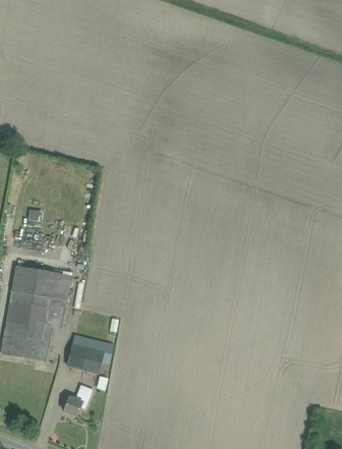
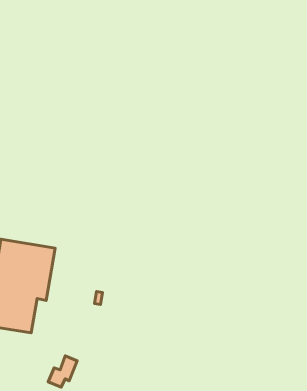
building: [66,334,113,373] -> none

